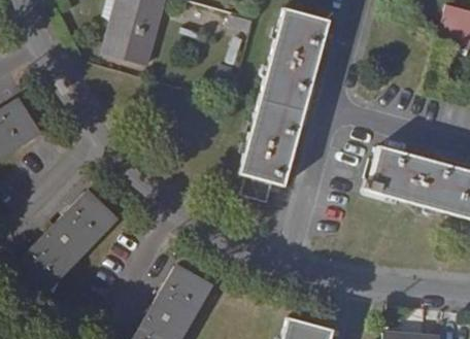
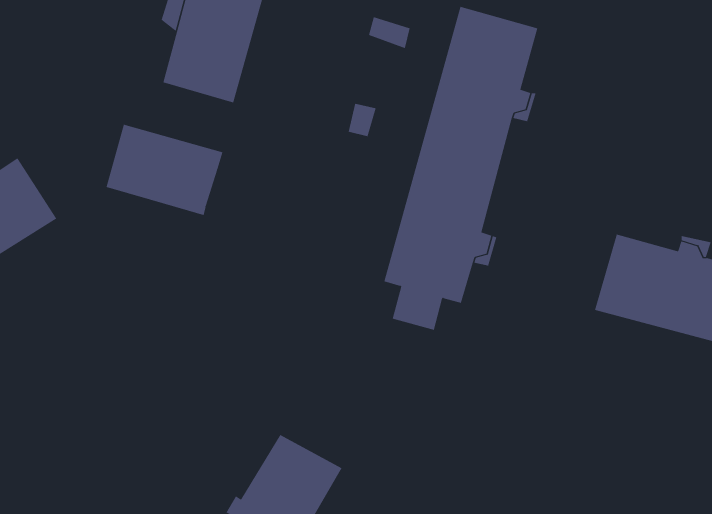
building: none -> [106,124,223,216]
building: [13,191,116,296] -> none

